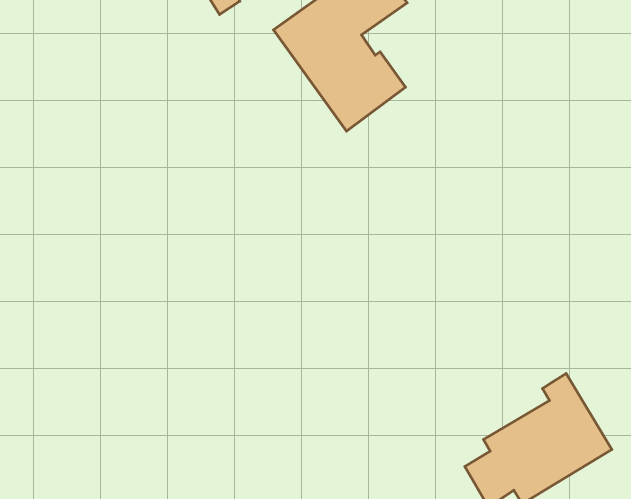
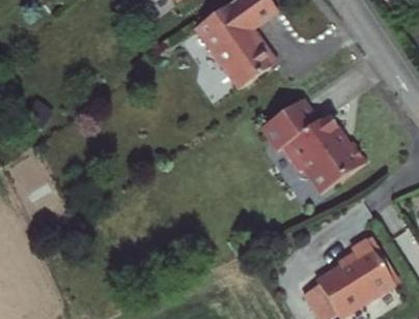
building: none -> [268,92,372,185]

